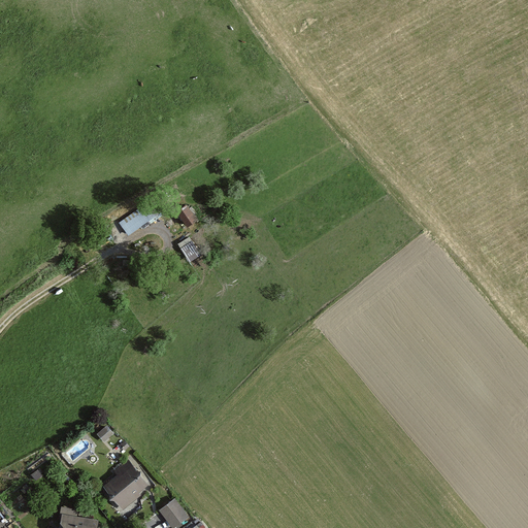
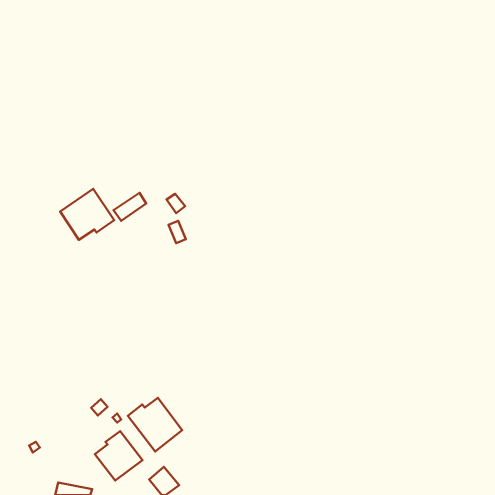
building: none -> [60,189,114,240]
building: none -> [128,398,182,451]

